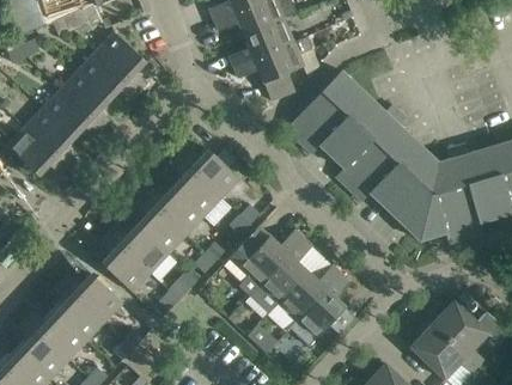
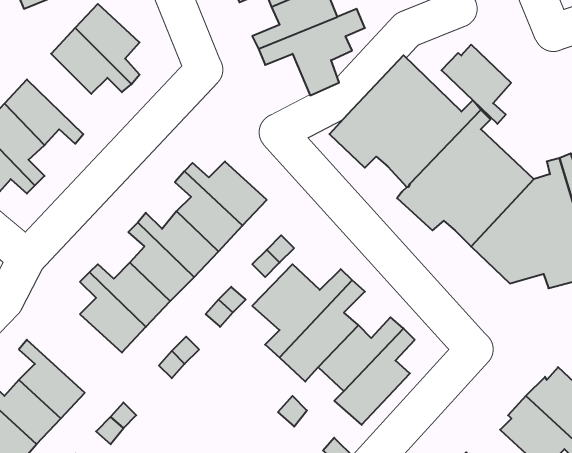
building: none -> [441,45,511,124]
building: [61,69,110,129] -> none
building: [61,274,122,322] -> none

